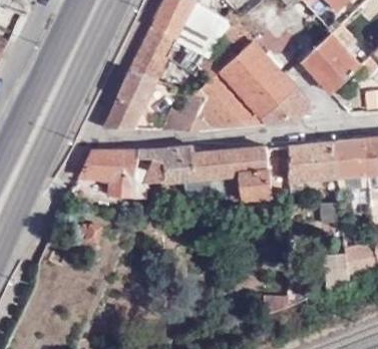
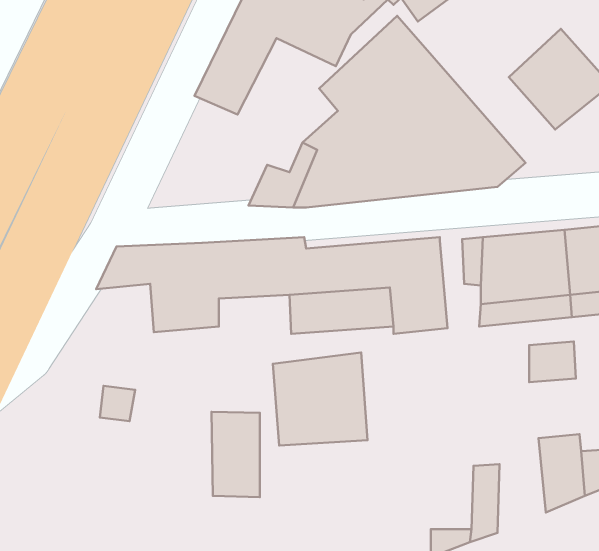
building: [101,69,154,128] -> none
building: none -> [273,352,367,445]
building: none -> [211,412,260,497]

